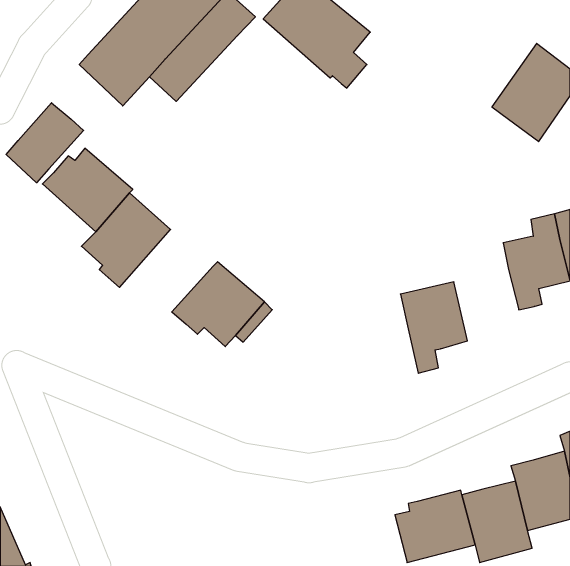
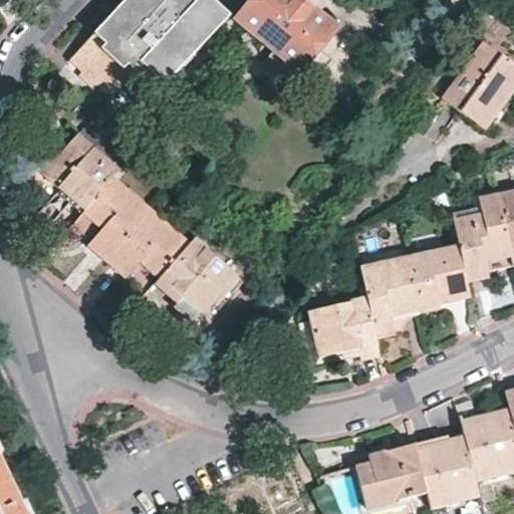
building: [6,103,84,183] -> none
building: none -> [107,207,192,288]
building: none -> [409,243,471,312]
building: none -> [311,296,380,357]

